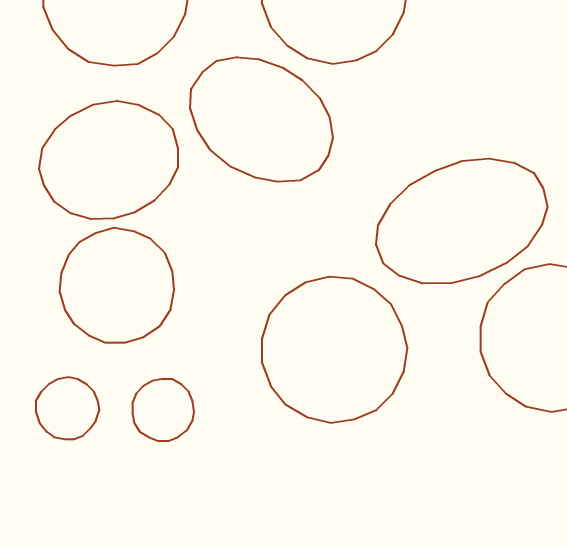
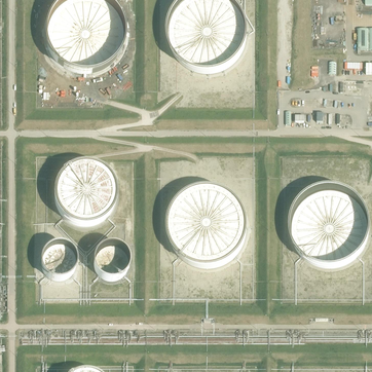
building: [190,57,333,182] -> none
building: [39,101,178,219] -> none
building: [376,158,548,284] -> none

